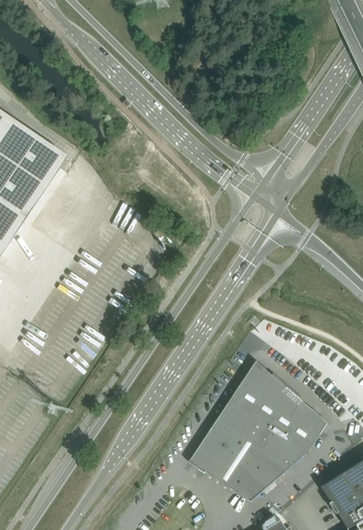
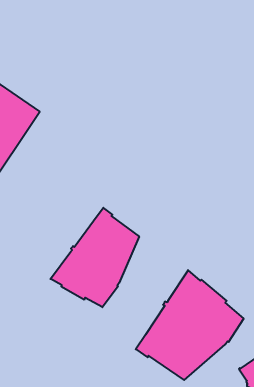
building: none -> [50,208,139,307]

